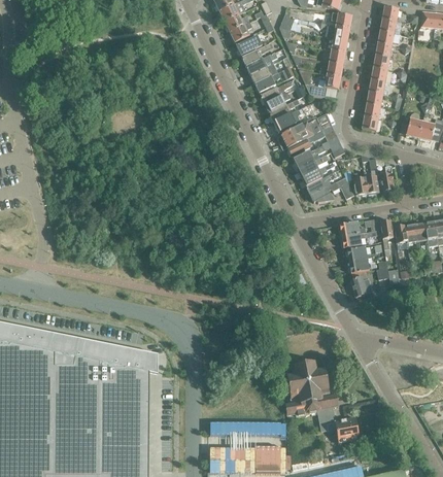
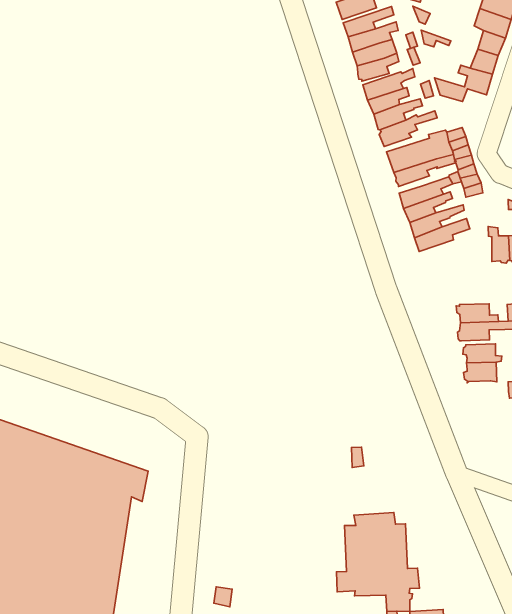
building: [309,176,353,202] -> none
building: [350,269,372,296] -> none

